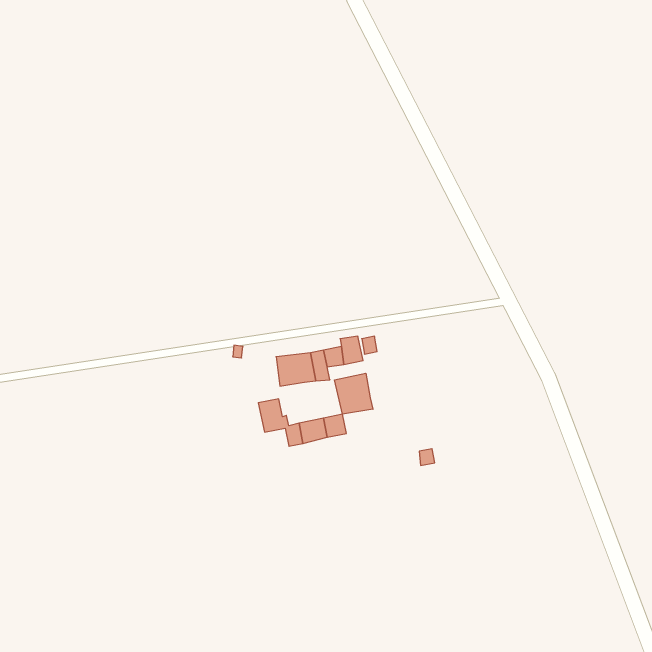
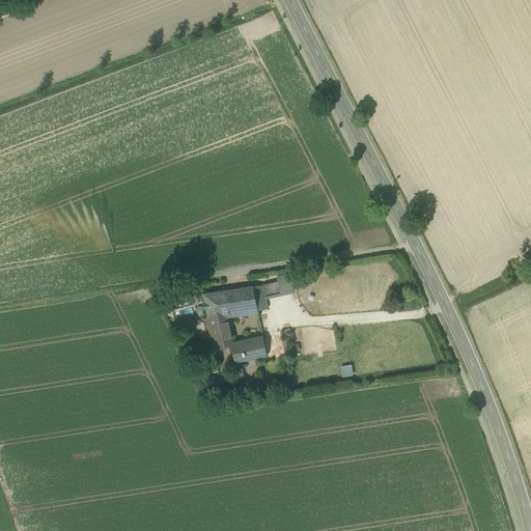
building: none -> [202,289,227,327]
building: [335,373,373,414] -> none

